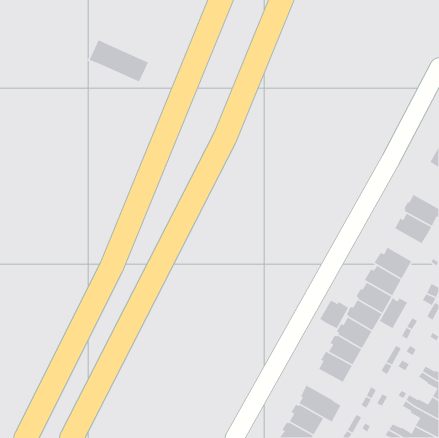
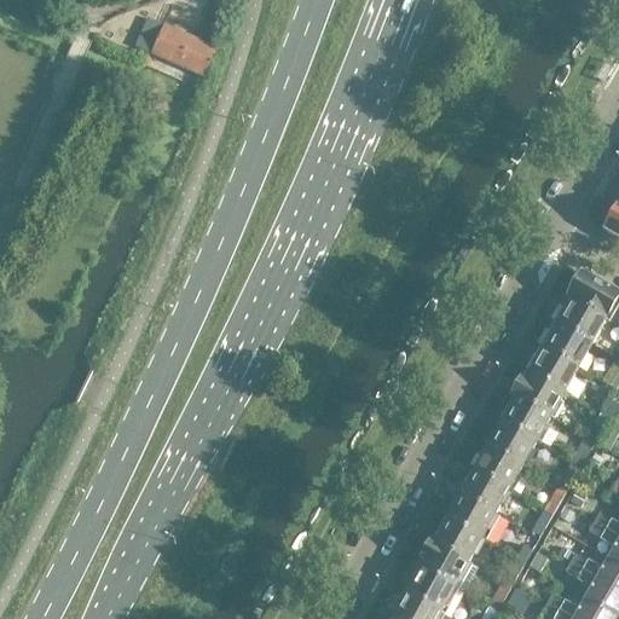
building: [89,39,149,82] -> [133,16,218,76]
building: none -> [538,320,591,366]
building: [379,294,408,329] -> none
building: [319,297,349,329] -> none
building: none -> [433,517,481,561]

